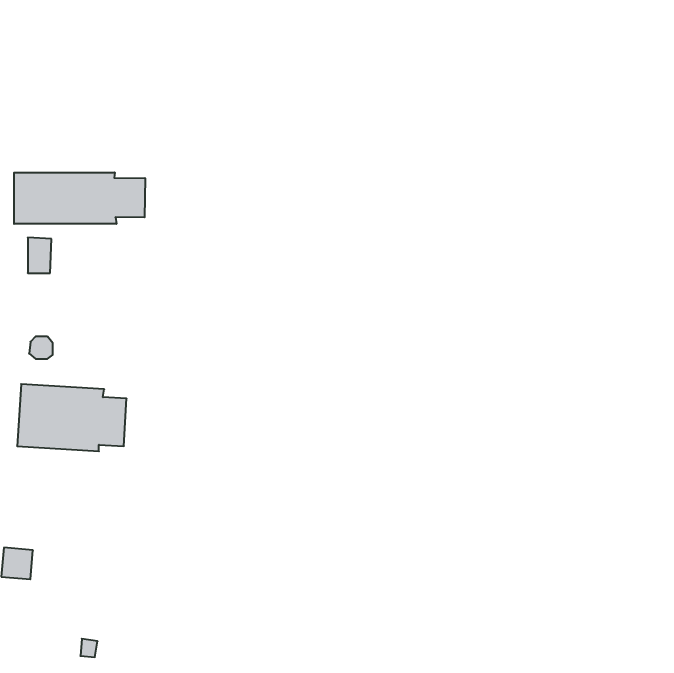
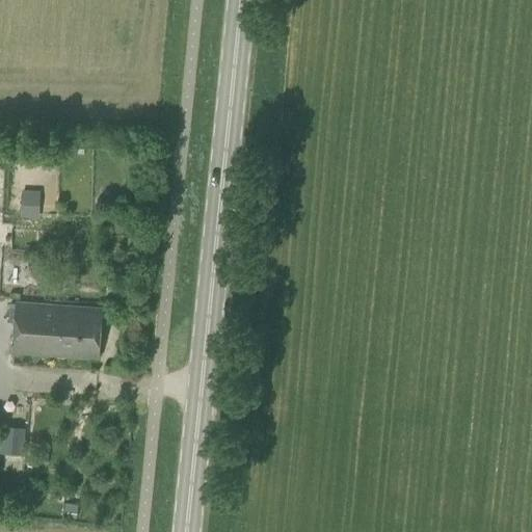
building: [14,172,145,224] -> none

